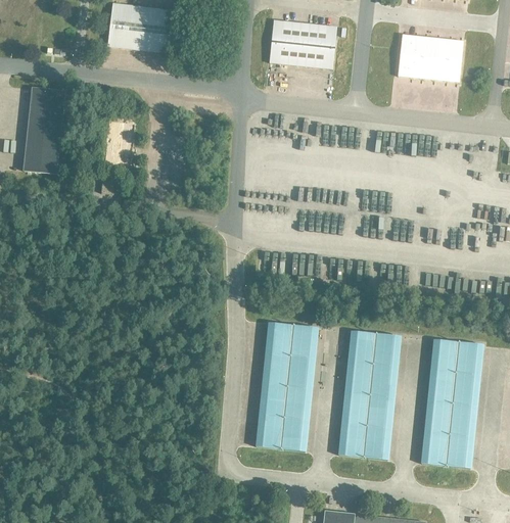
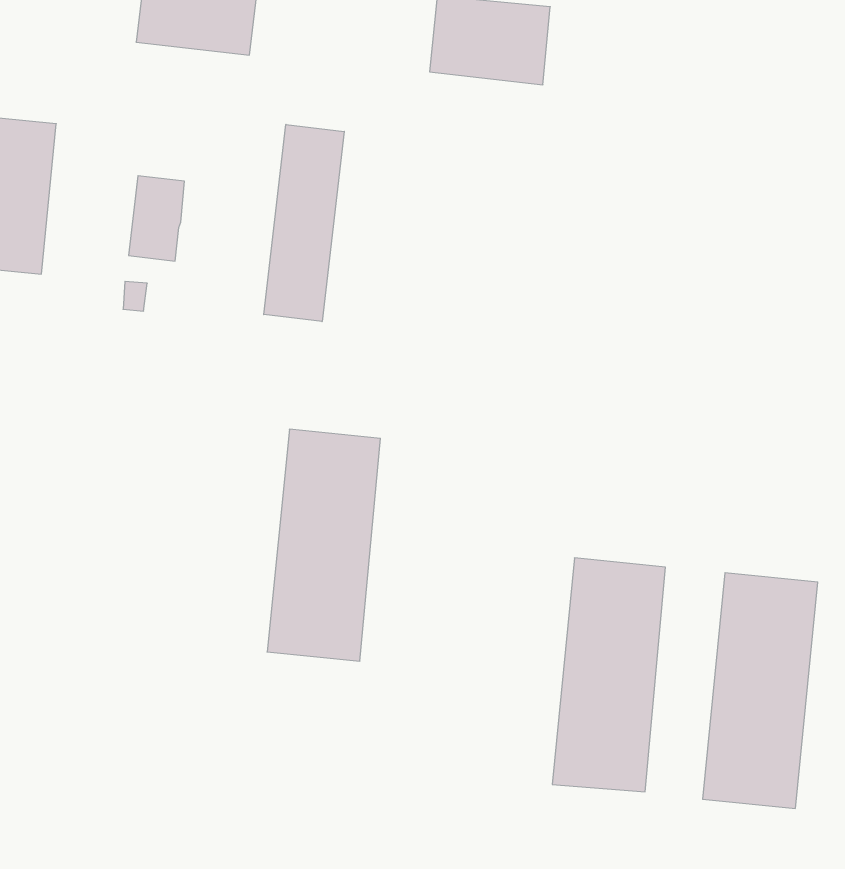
building: [398,35,464,82] -> none
building: none -> [264,124,344,322]
building: [256,322,318,449] -> [267,429,380,661]

